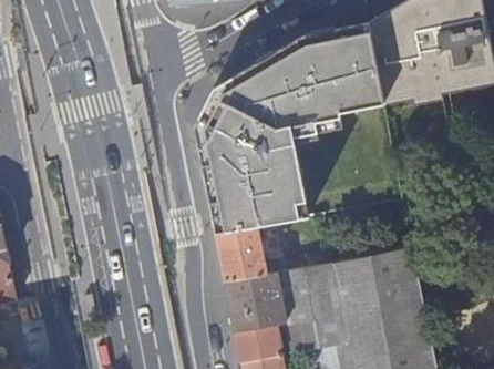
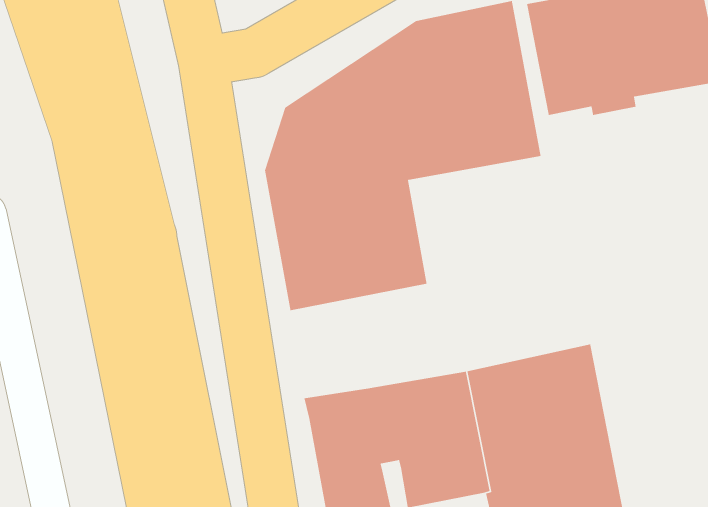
building: [215,226,267,283] -> none

